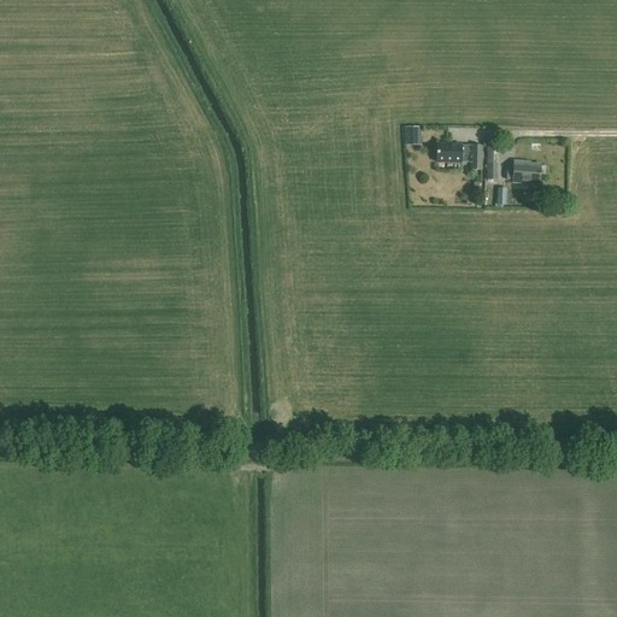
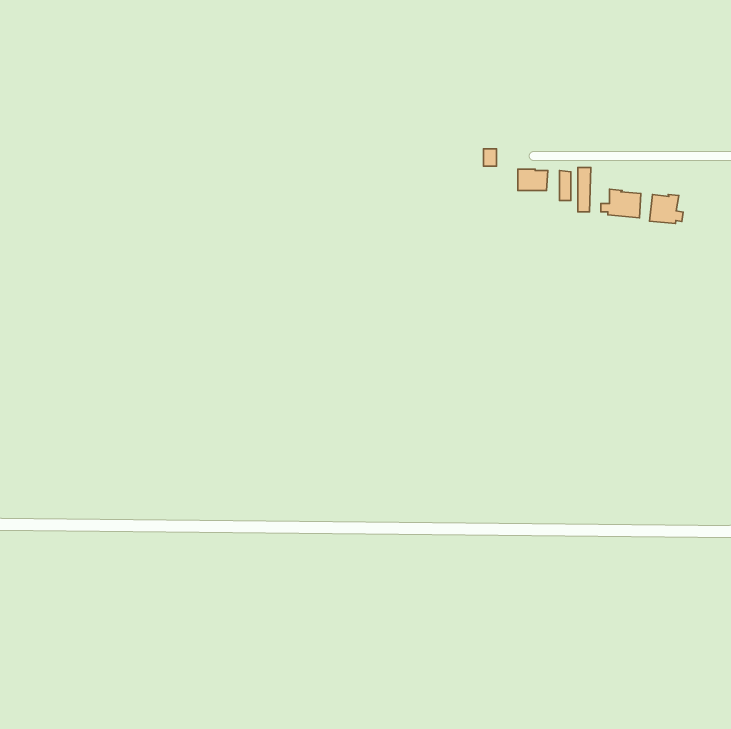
building: none -> [649,195,683,223]

